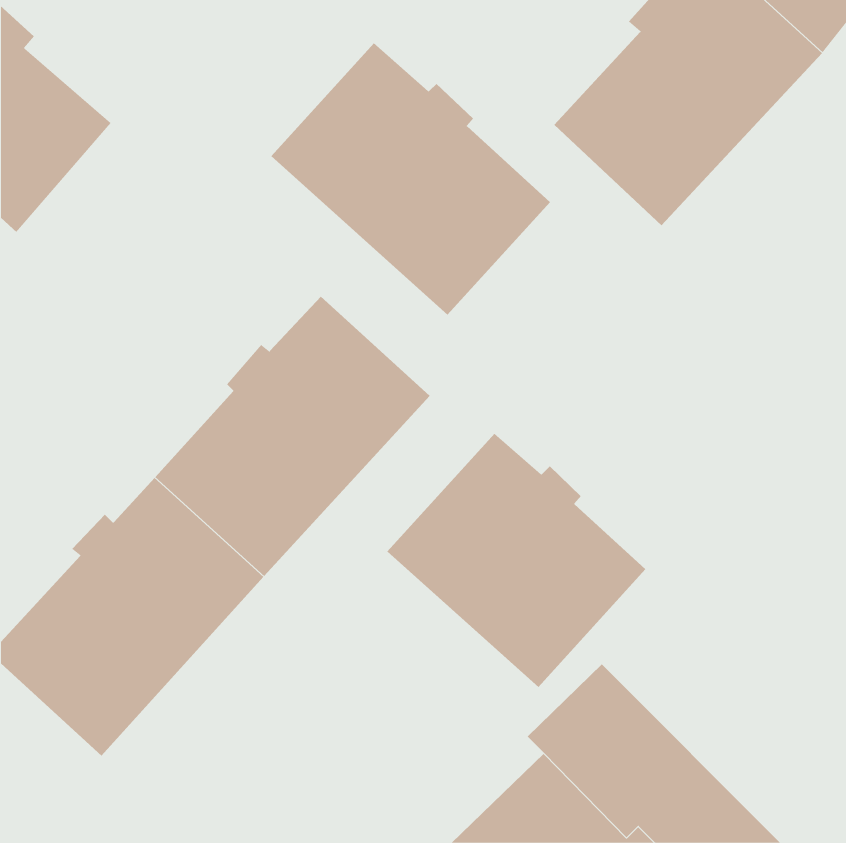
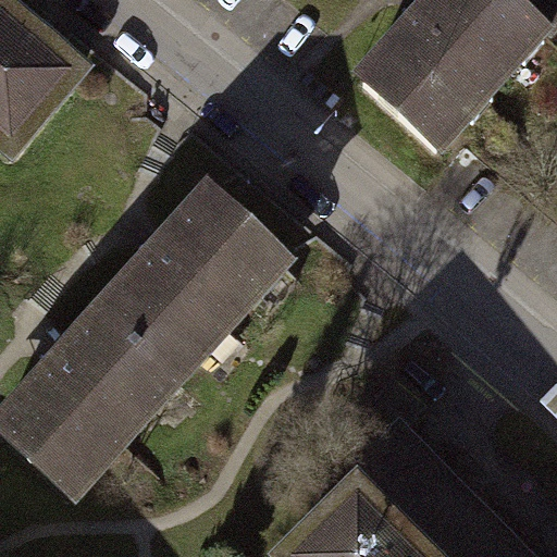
building: [271,43,551,316] -> none
building: [387,433,646,688] -> none

